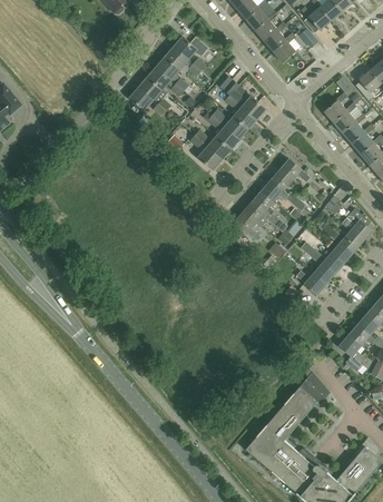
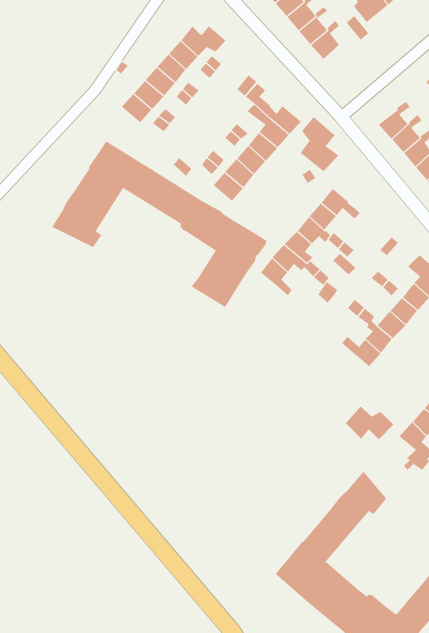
building: none -> [300,116,339,172]
building: none -> [51,141,267,308]
building: none -> [345,406,394,440]

